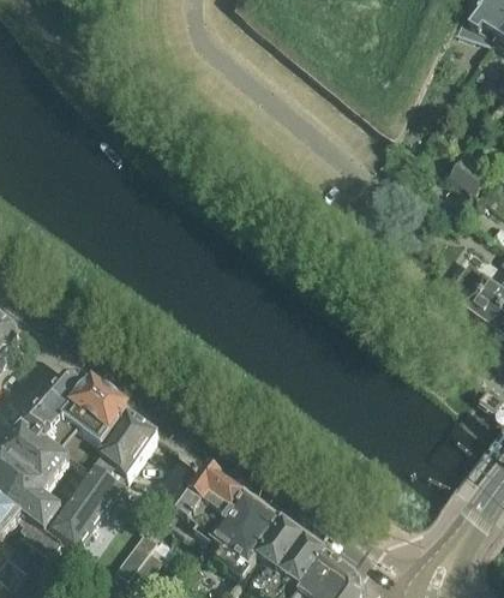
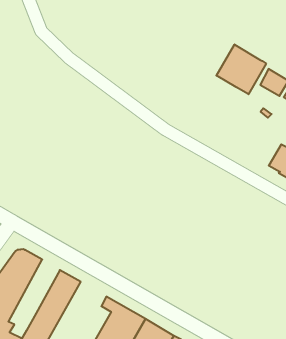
building: none -> [216,44,266,94]
building: [64,388,128,465] -> none

